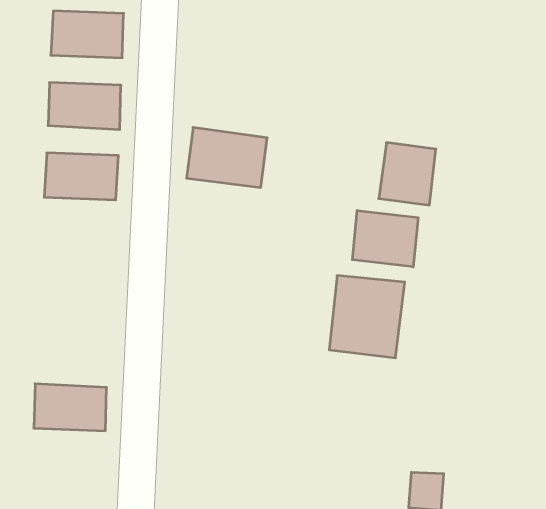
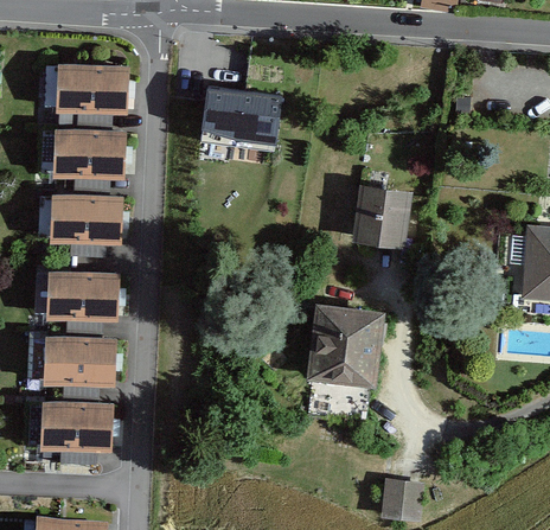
building: [187,127,267,187] -> [211,85,284,140]
building: [352,210,418,267] -> none
building: none -> [50,273,116,315]
building: none -> [46,339,113,382]

